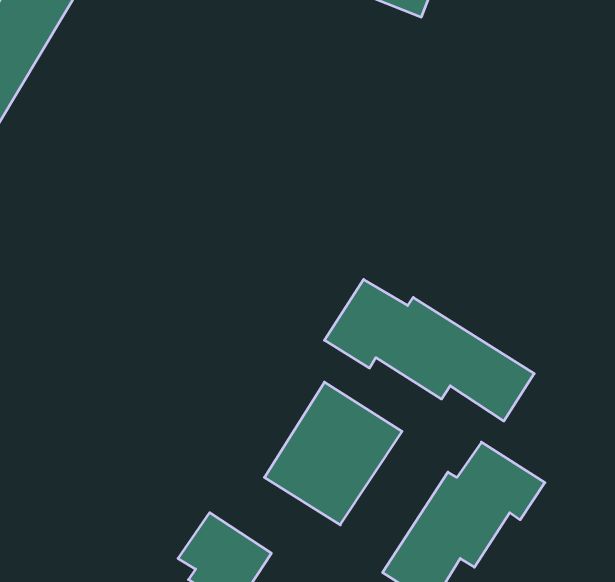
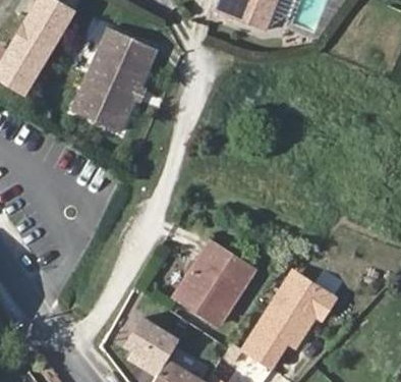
building: none -> [69,31,152,131]
building: [324,279,534,421] -> none

